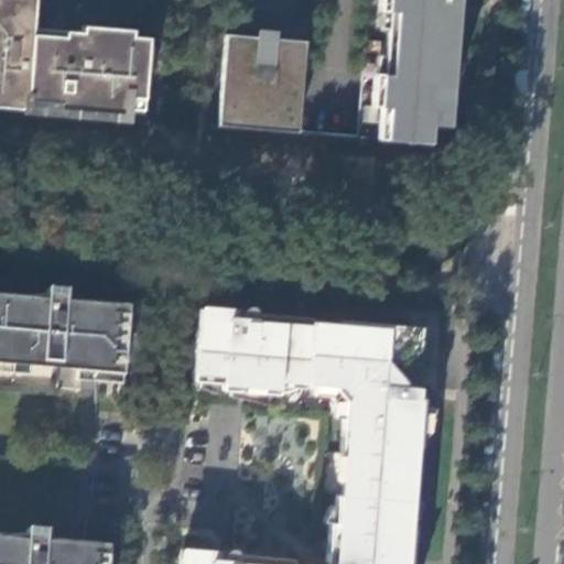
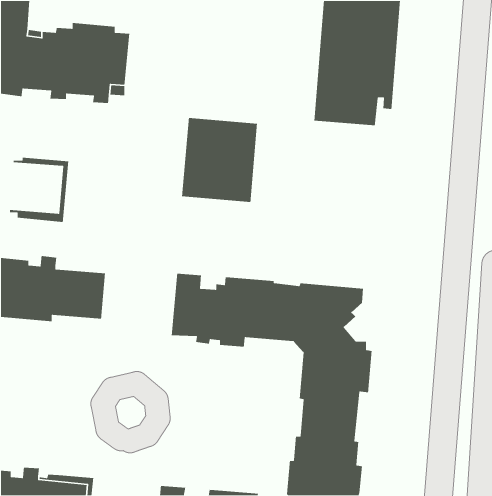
building: [221,35,308,132] -> [181,117,258,203]
building: [64,299,132,373] -> [9,157,69,223]

